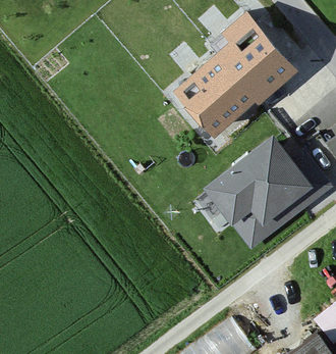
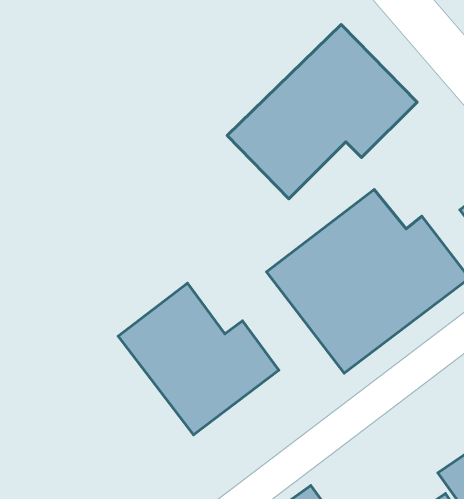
building: none -> [118,283,279,435]

